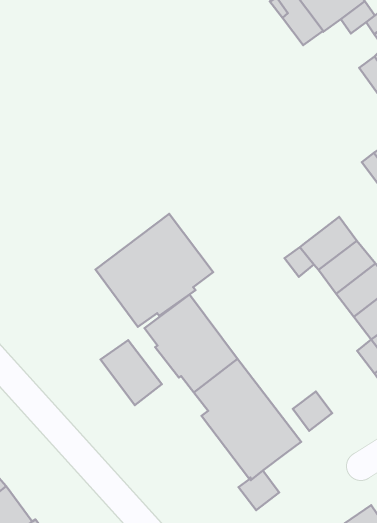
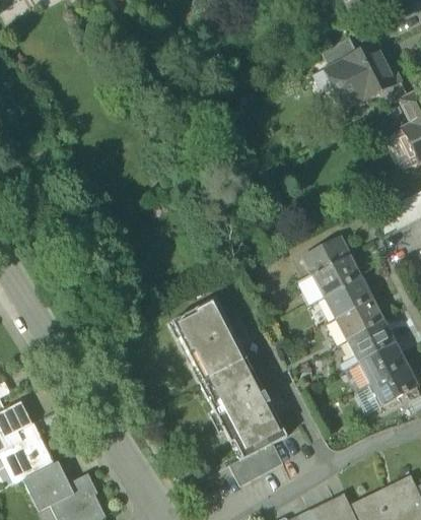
building: none -> [303,238,349,272]
building: [96,214,213,327] -> none
building: [101,340,162,405] -> none
building: [293,391,332,431] -> [251,443,282,474]

